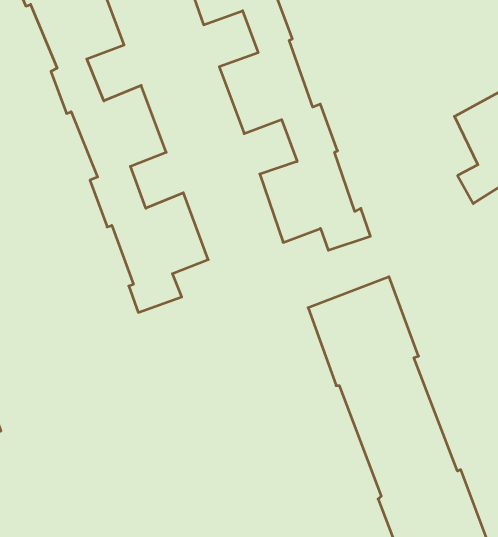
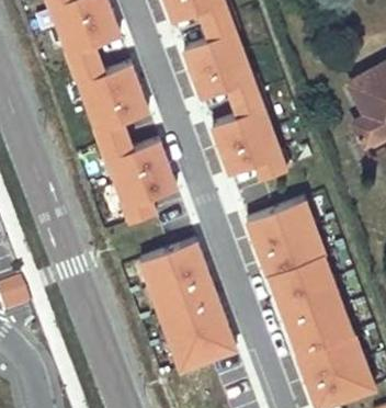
building: none -> [139,238,235,369]

